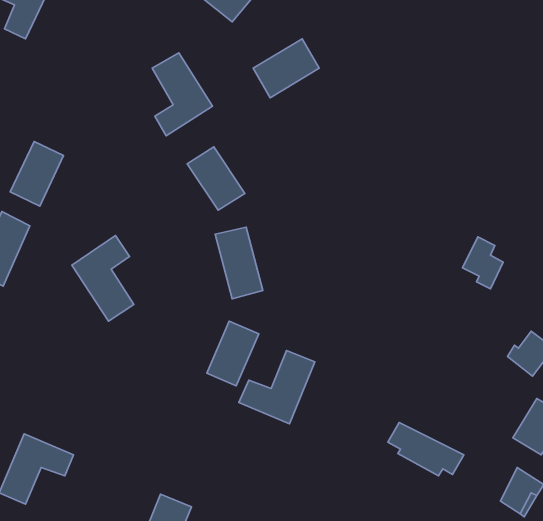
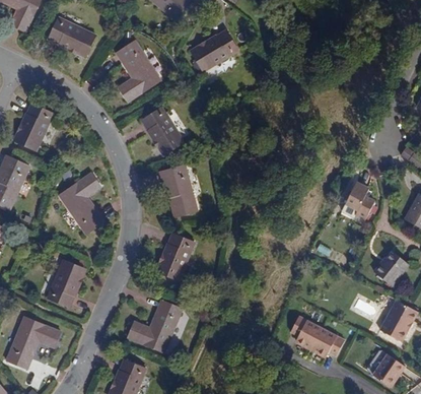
building: none -> [49,18,96,58]
building: [239,351,315,424] -> [127,303,182,355]
building: none -> [48,260,85,307]

